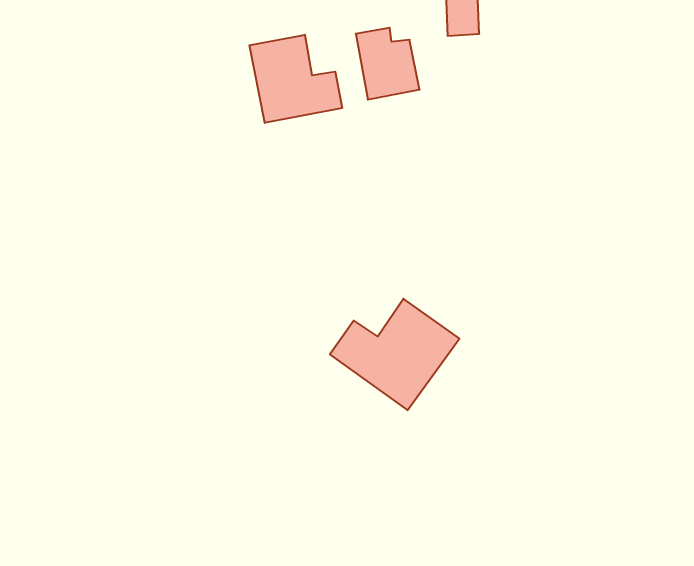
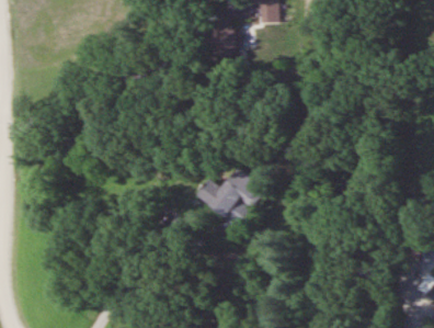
building: [250,35,342,123] -> none

